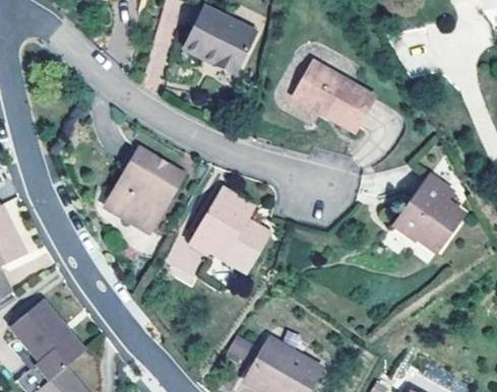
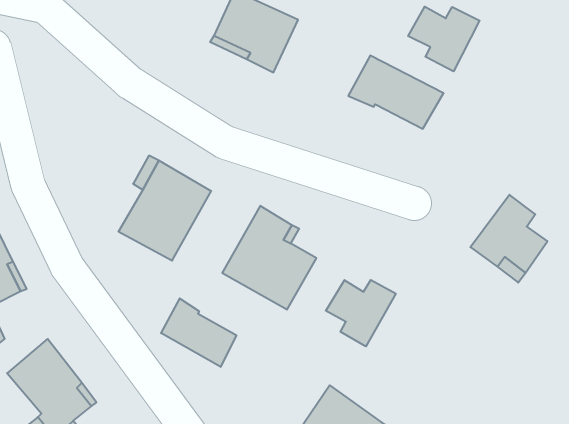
building: none -> [408,7,480,71]
building: none -> [326,280,396,346]
building: none -> [161,298,236,367]

